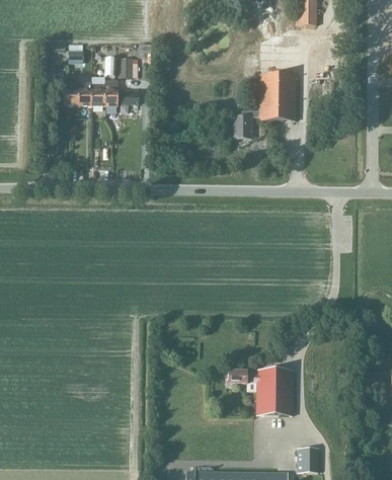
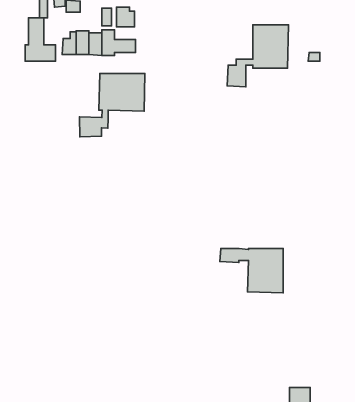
building: none -> [25,18,56,61]
building: none -> [79,73,145,137]
building: [229,370,294,415] -> [220,249,283,293]

